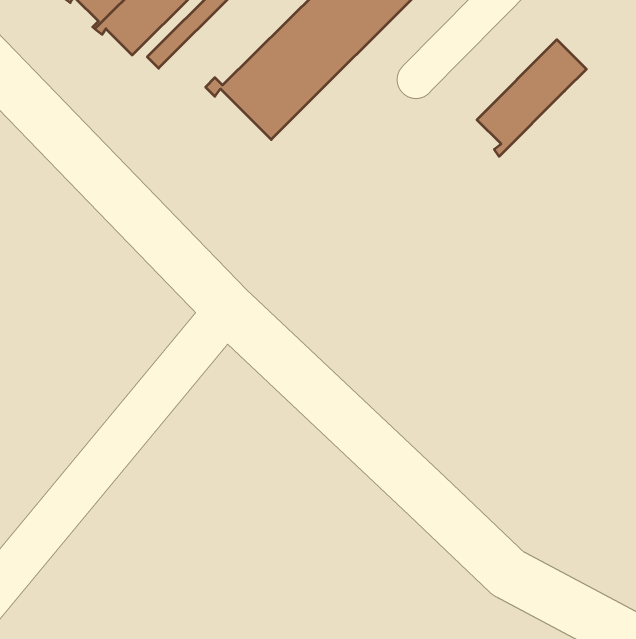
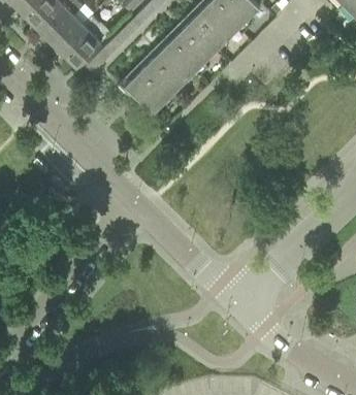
building: [477,40,586,156] -> none

